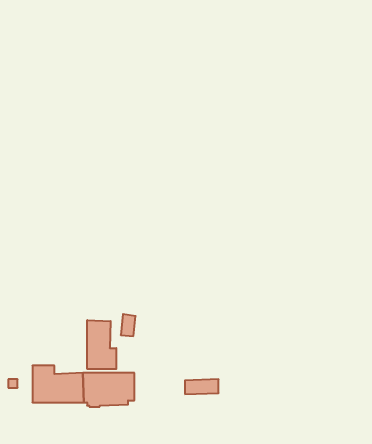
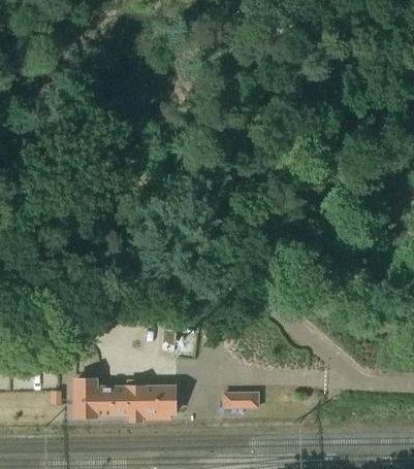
building: [87,320,116,369] -> none

